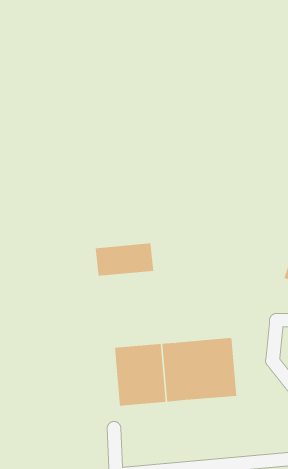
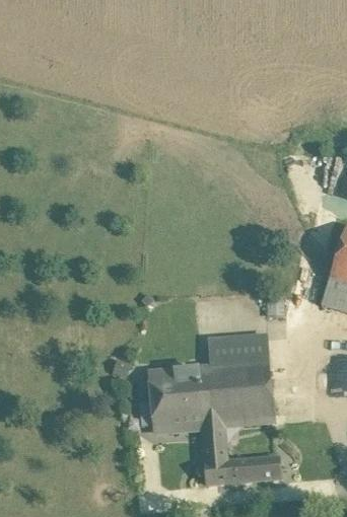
building: [95,243,154,276] -> [207,334,267,367]
building: none -> [201,425,279,484]

